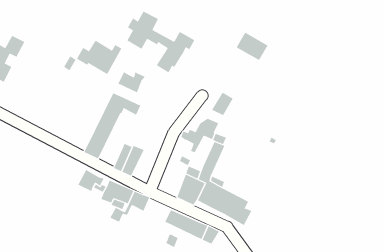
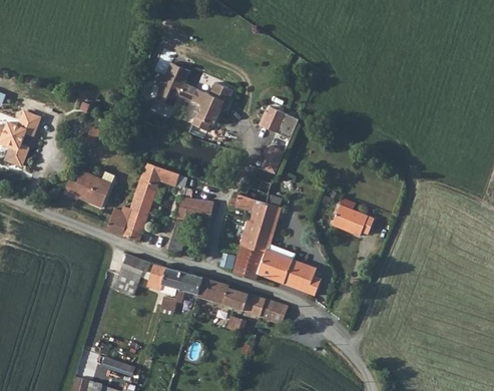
building: [236,32,269,61] -> [261,107,298,138]
building: [76,40,122,75] -> [62,169,113,208]
building: [118,71,146,93] -> none
building: none -> [176,197,213,229]
building: none -> [105,207,129,235]
building: none -> [331,205,373,236]
building: none -> [196,277,228,303]

